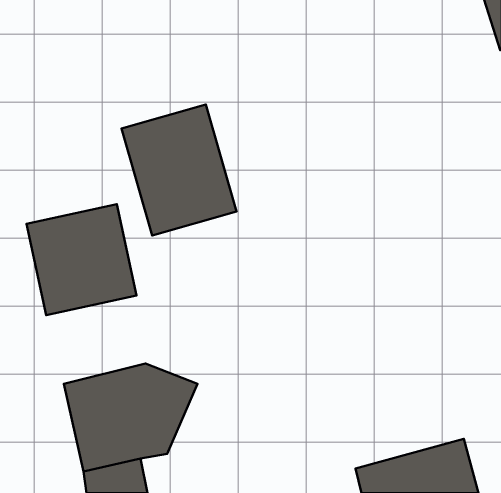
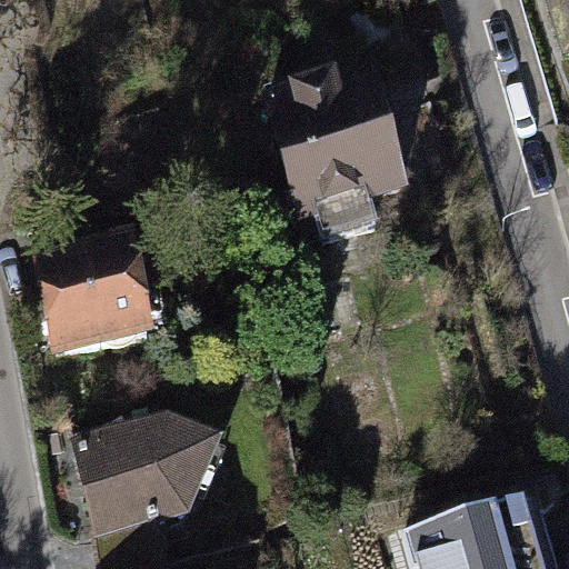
building: none -> [261,66,412,239]
building: [121,105,236,235] -> none

